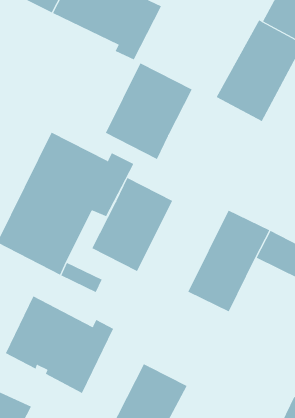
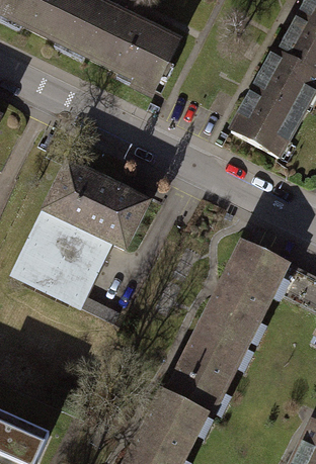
building: [105,62,193,160] -> none
building: [92,177,173,272] -> none
building: none -> [166,320,245,415]
building: [5,296,114,394] -> none

